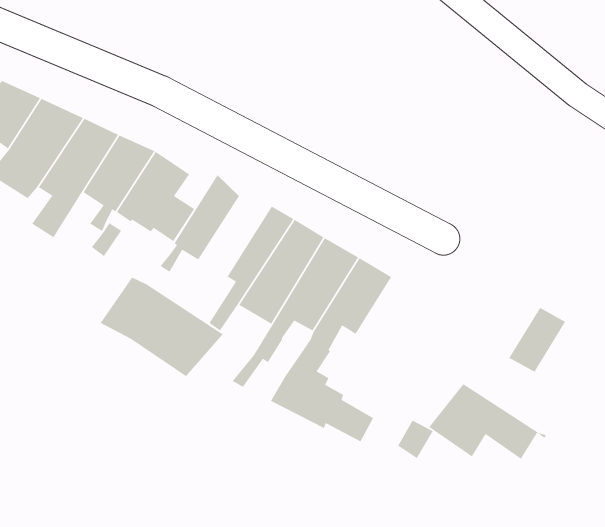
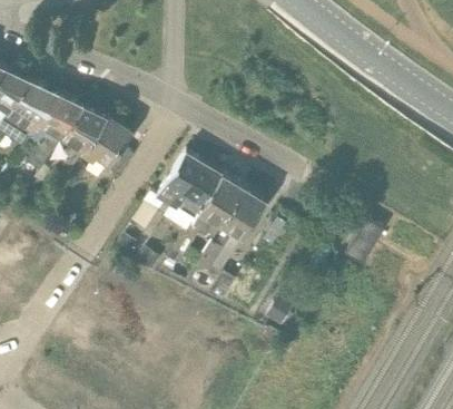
building: [160,174,240,273] -> none
building: [100,277,224,377] -> none
building: [428,383,547,460] -> none

